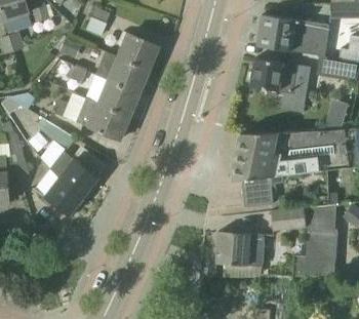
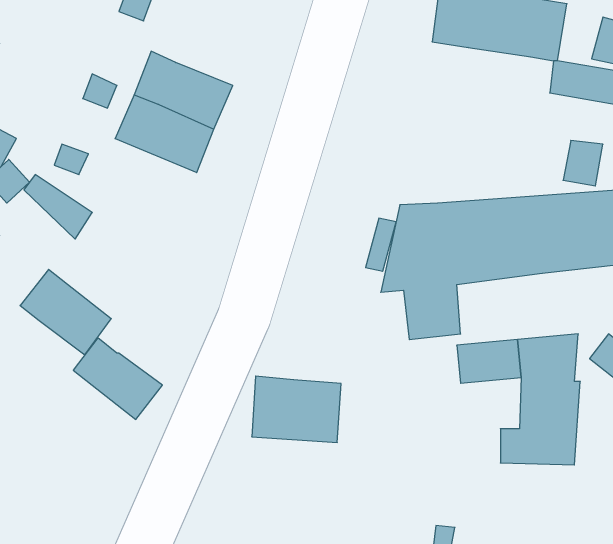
building: [119,34,159,70] -> none
building: [247,58,308,117] -> none
building: [77,98,130,141] -> none
building: [50,152,98,196] -> [73,338,162,419]
building: [216,231,265,267] -> [252,376,341,442]

